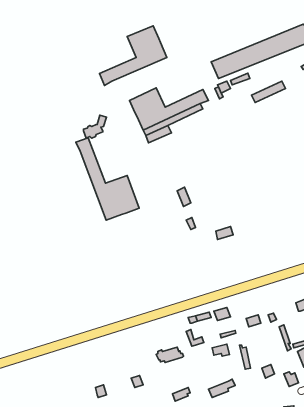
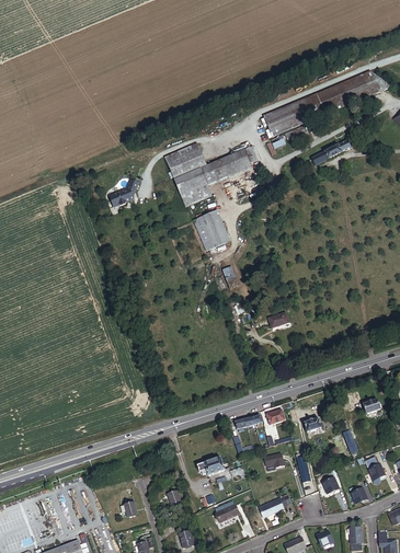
building: [100,26,167,86] -> none
building: [76,138,139,220] -> none
building: none -> [193,209,230,251]

